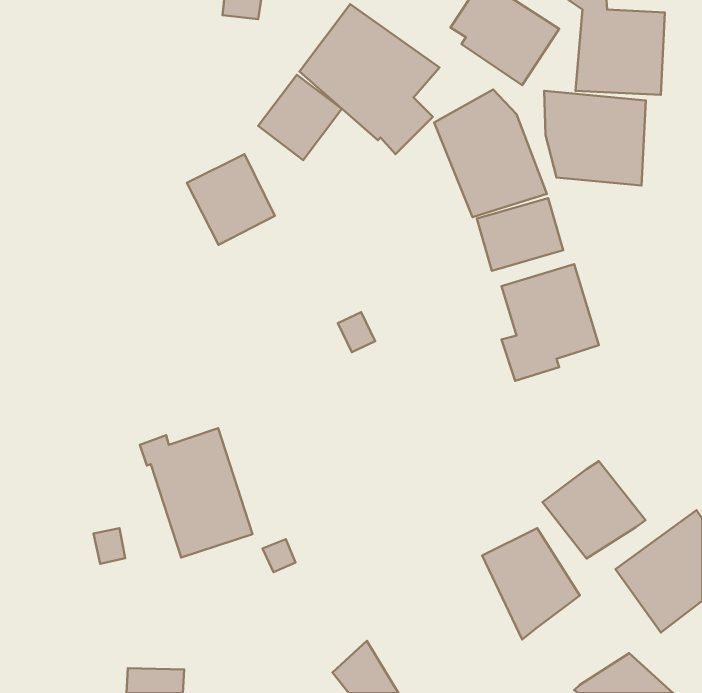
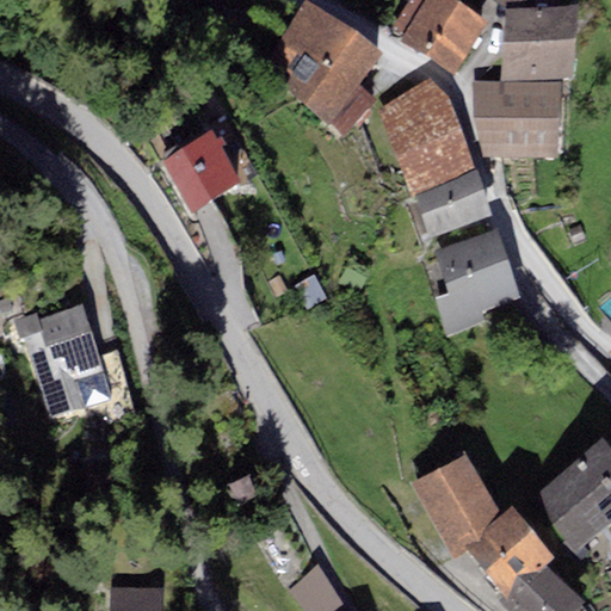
building: [258,75,342,160] -> none
building: [140,428,253,558] -> [13,300,111,412]
building: [542,461,646,559] -> [465,510,555,594]

